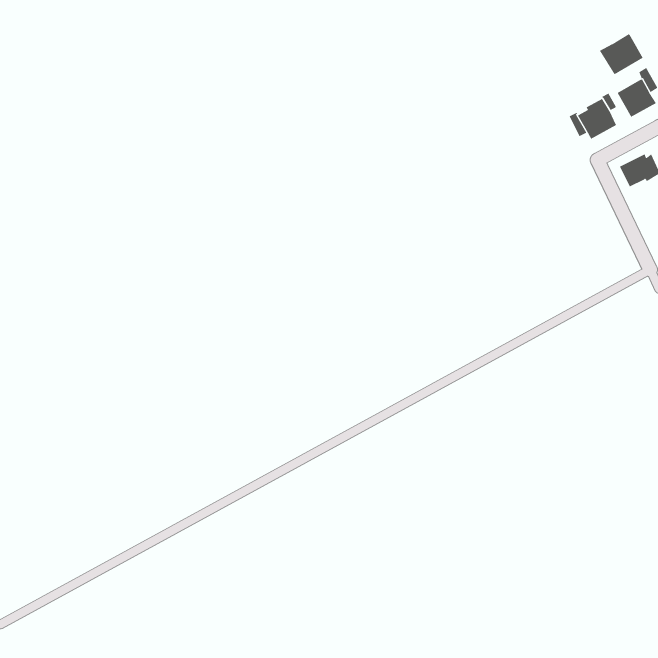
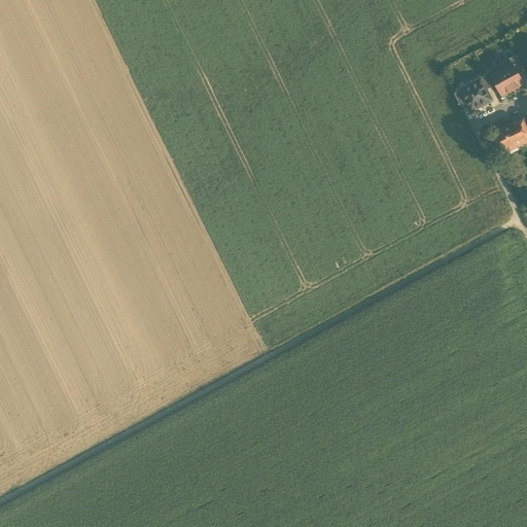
building: [599,34,644,75] -> none

